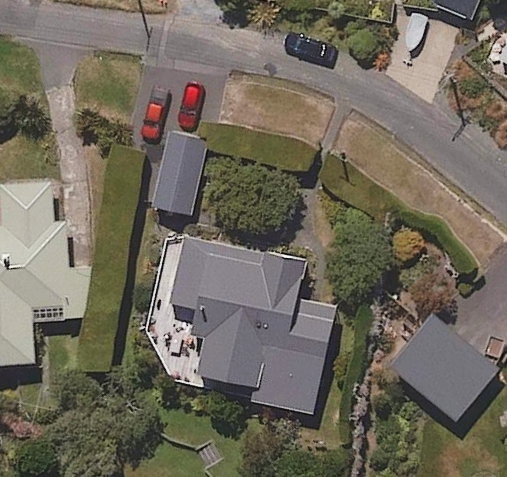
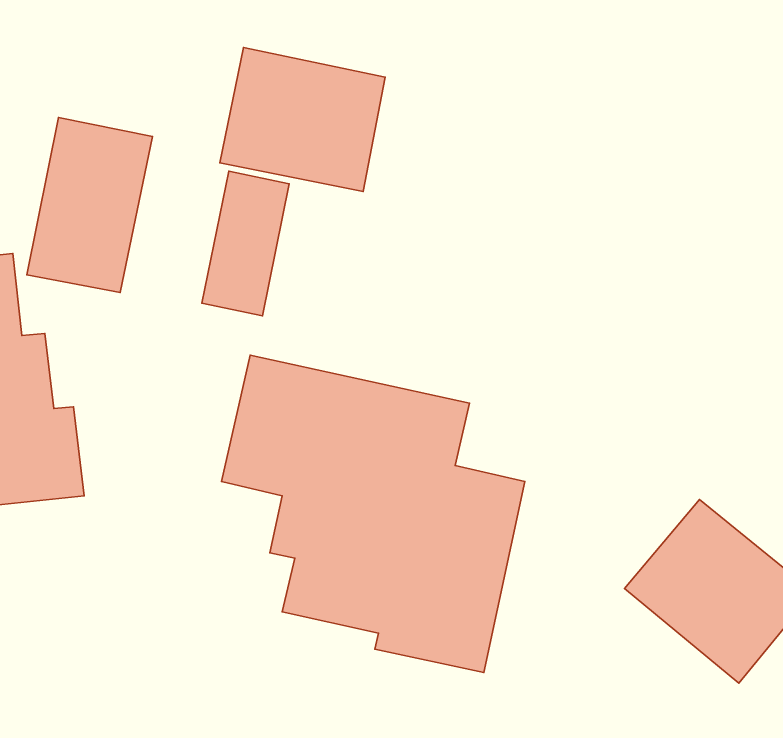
building: none -> [220,47,385,191]
building: none -> [27,117,153,292]

